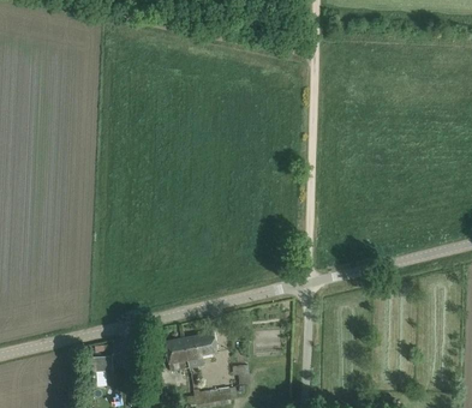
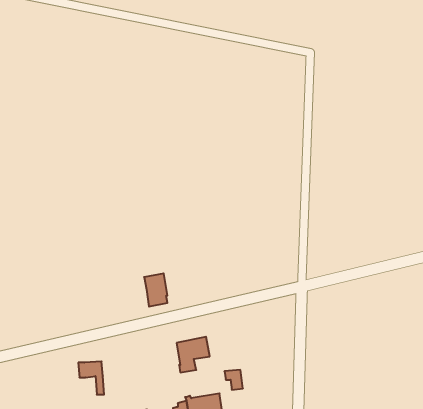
building: [165,337,187,370] -> [144,273,167,307]

